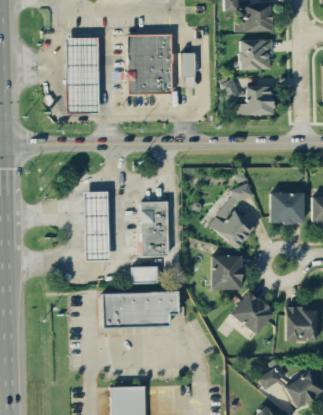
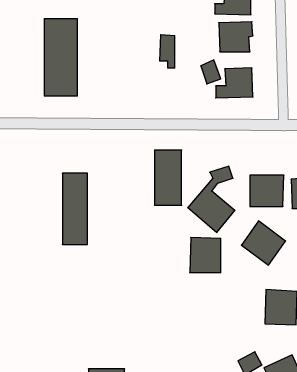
building: [127,33,173,94] -> none
building: [141,200,168,255] -> [155,150,182,205]
building: [132,266,158,283] -> none
building: [102,291,181,325] -> none
building: [231,291,275,335] -> [241,221,286,265]

